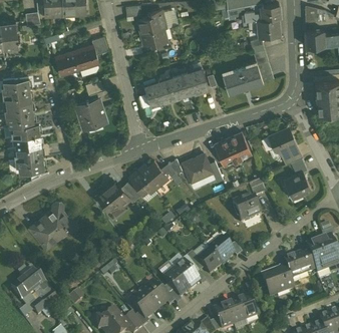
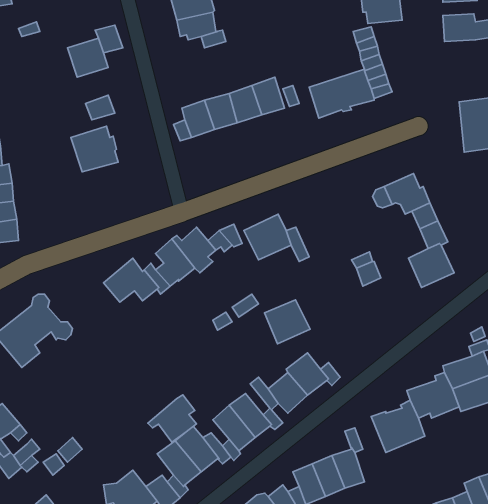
building: [55,49,80,73] -> none
building: [214,130,251,164] -> none
building: [233,195,261,222] -> [264,300,310,344]
building: none -> [148,395,196,442]

